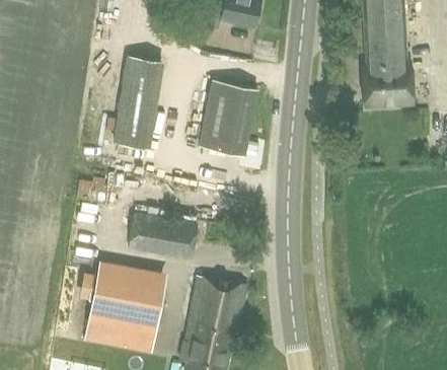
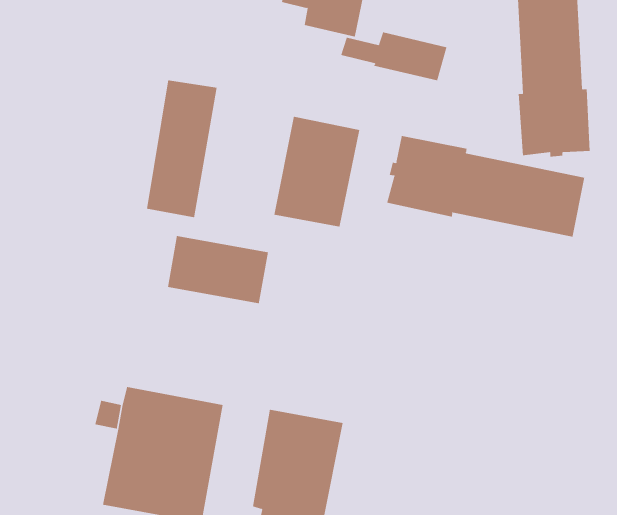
building: none -> [341,32,447,81]
building: none -> [387,135,585,237]
building: [129,213,197,258] -> [167,236,269,304]

